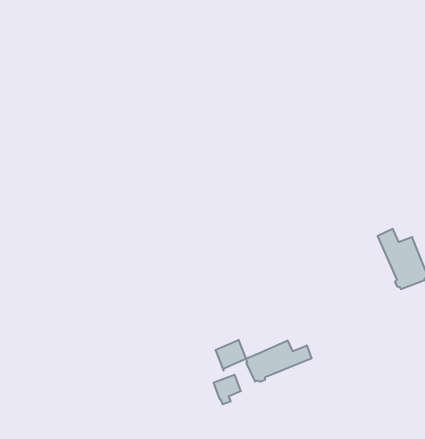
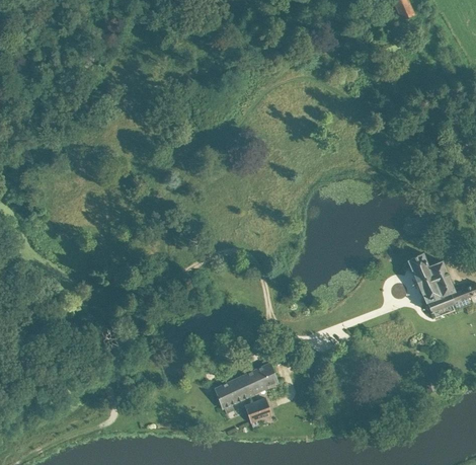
building: [246,340,311,382] -> none
building: none -> [216,375,255,409]

